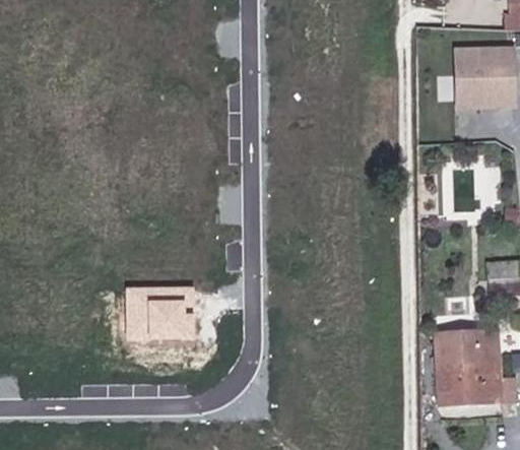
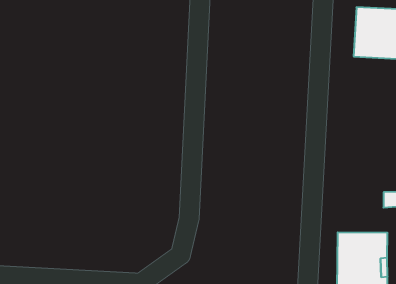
building: [126,290,192,343] -> none

